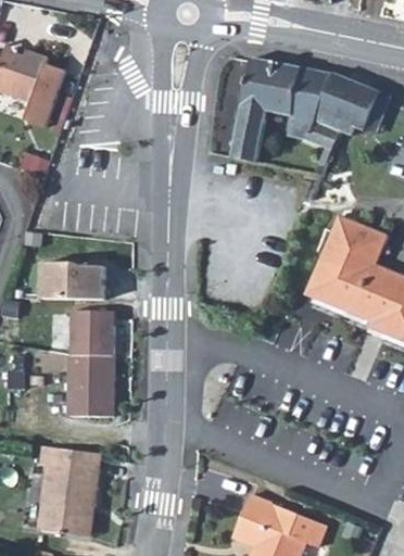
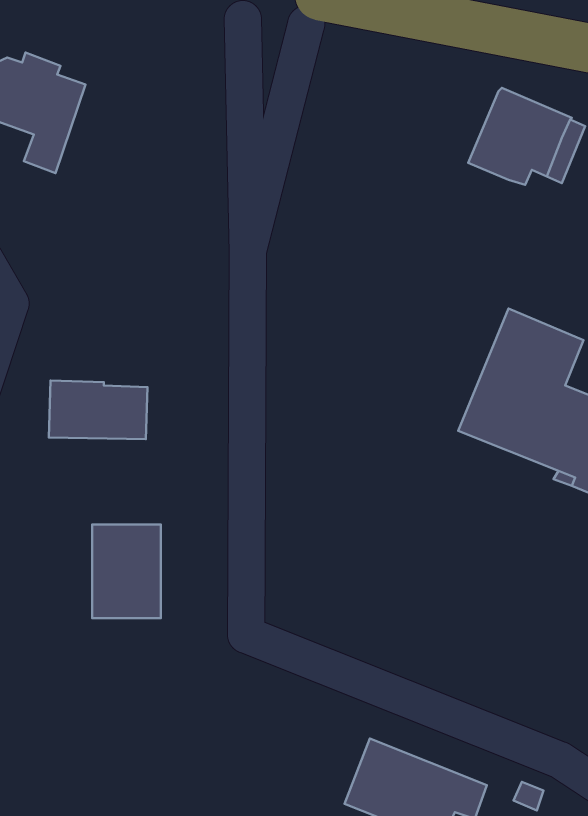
building: [231,56,339,163] -> none
building: [71,309,114,355] -> none
building: [38,446,100,536] -> none

